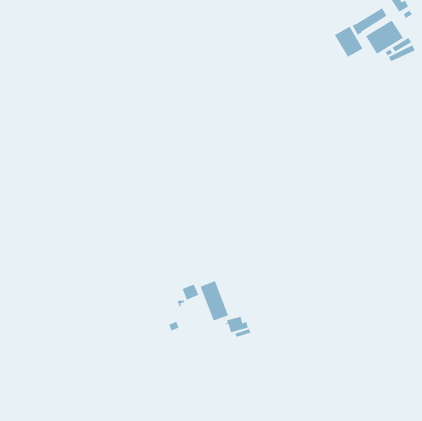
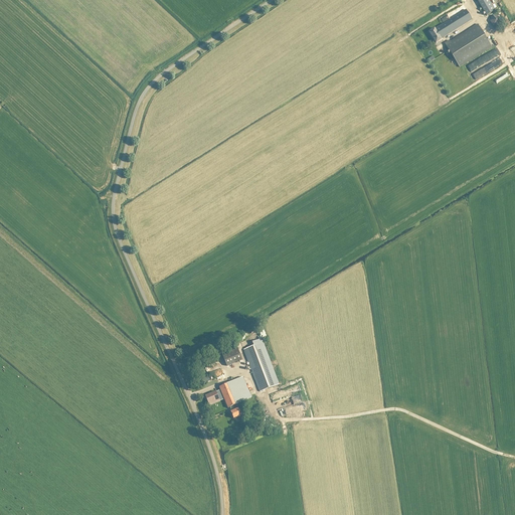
building: [334,26,363,58] -> none
building: none -> [219,382,249,418]

